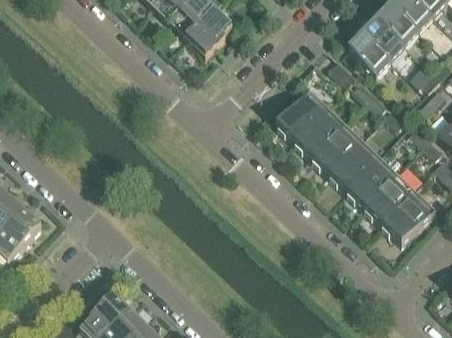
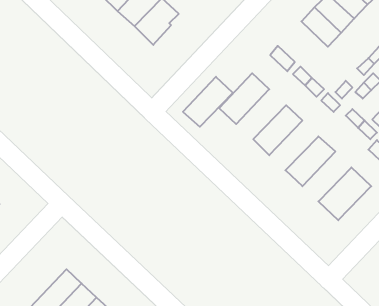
building: [348,30,390,72] -> none
building: [293,102,346,155] -> [183,77,233,127]
building: [328,135,380,188] -> none
building: [363,168,415,221] -> none

